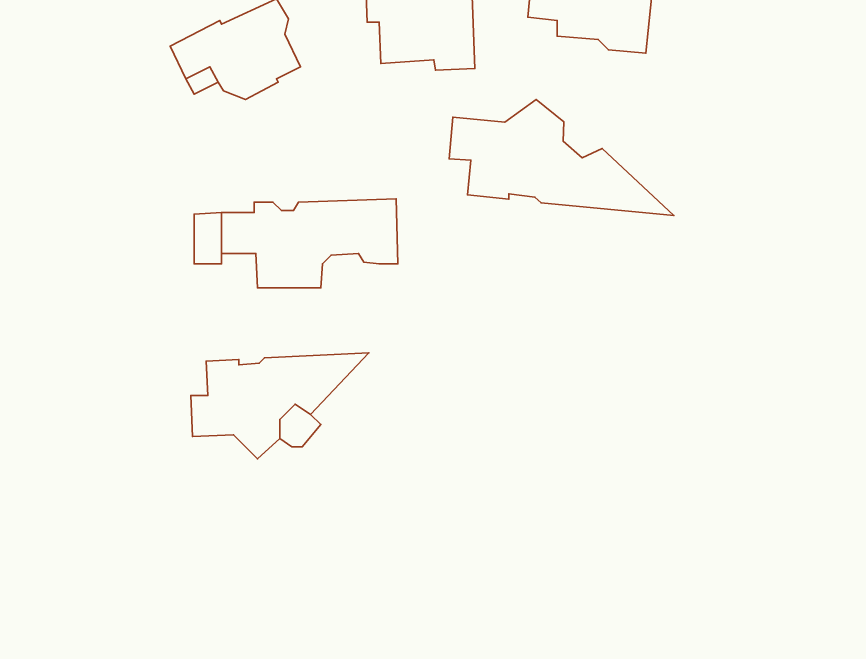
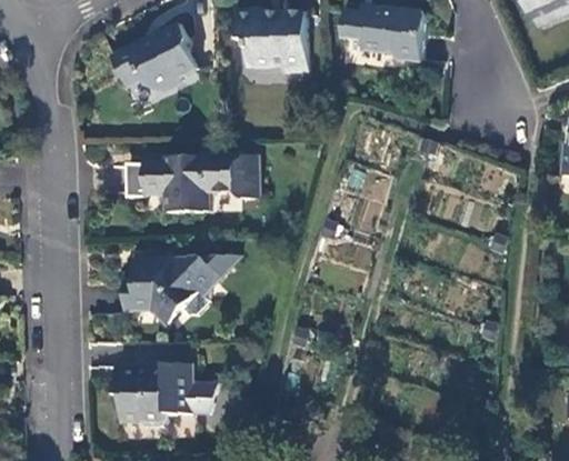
building: [449,99,674,216] -> none
building: none -> [116,363,219,428]

